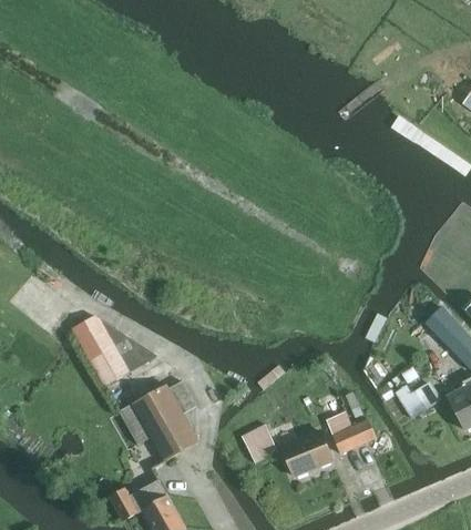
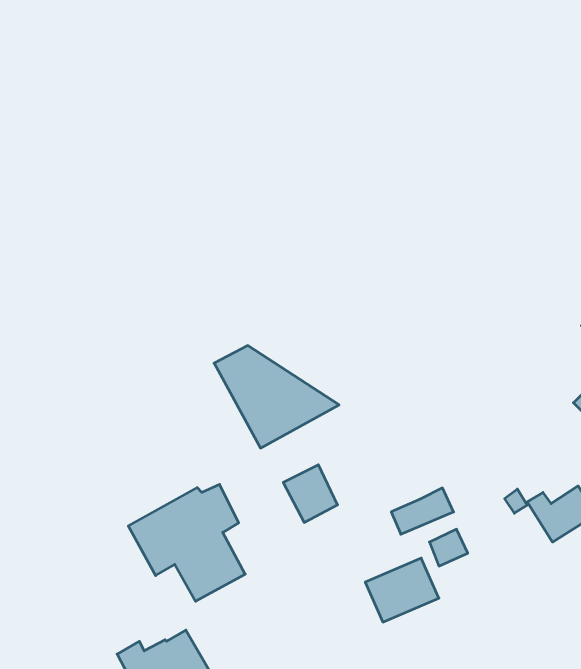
building: [72,316,158,387] -> [214,346,339,448]
building: [334,420,377,452] -> [391,488,454,534]
building: [242,424,279,463] -> [283,465,338,522]

